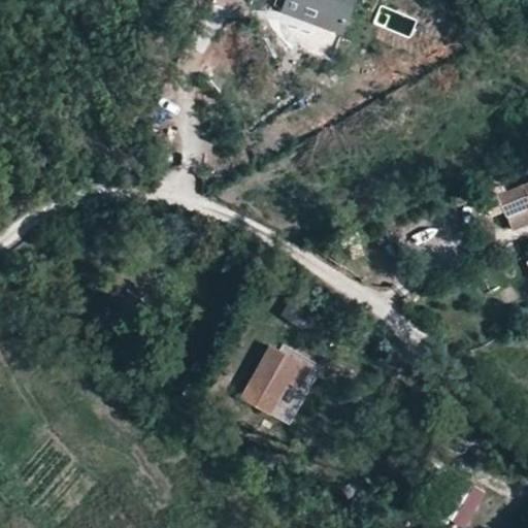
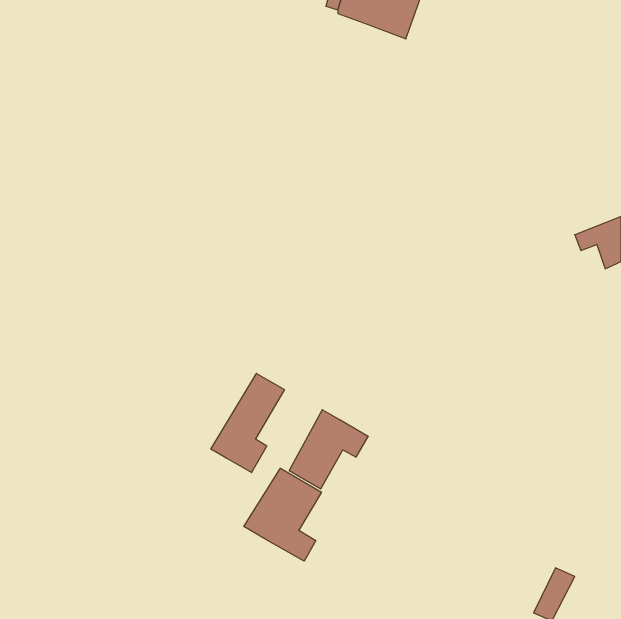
building: none -> [211,373,284,473]
building: none -> [244,468,321,561]

